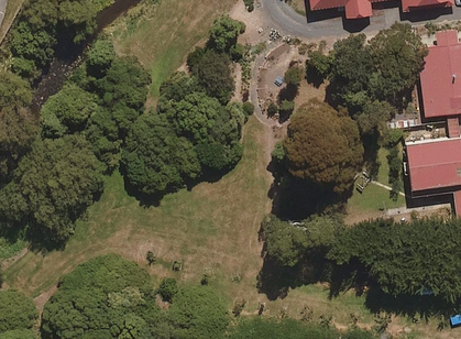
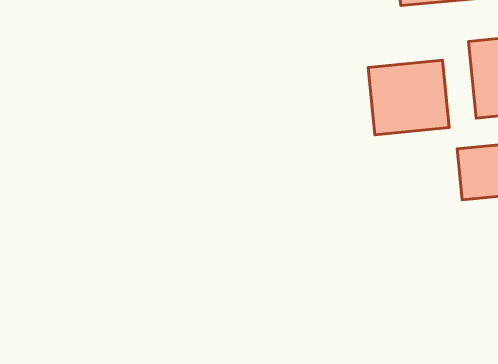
building: none -> [368,60,449,135]

